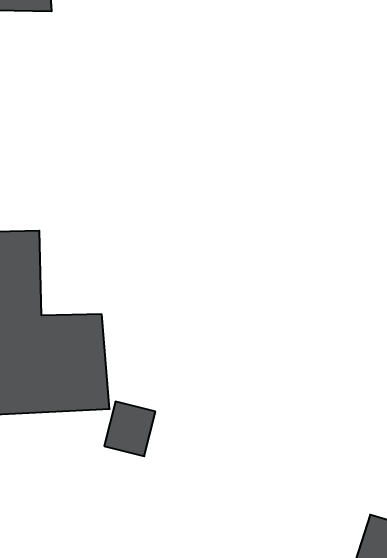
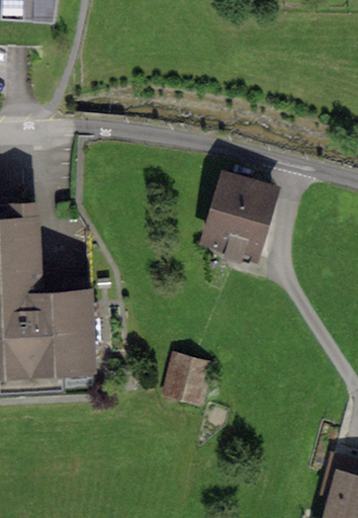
building: none -> [201,175,274,254]
building: [104,402,155,456] -> [168,356,214,406]

